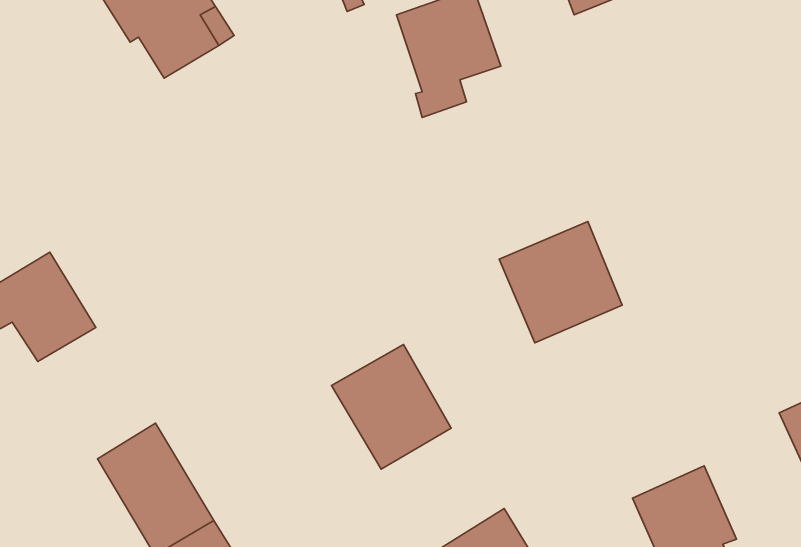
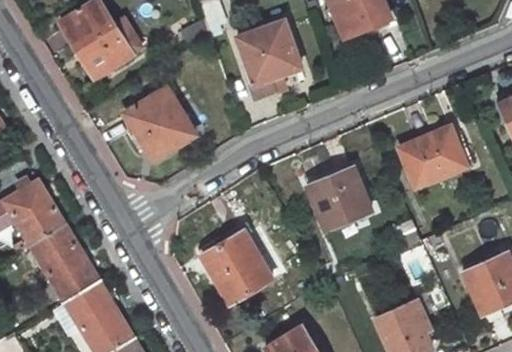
building: none -> [128,89,197,161]
building: none -> [400,126,465,187]
building: none -> [29,221,98,298]

